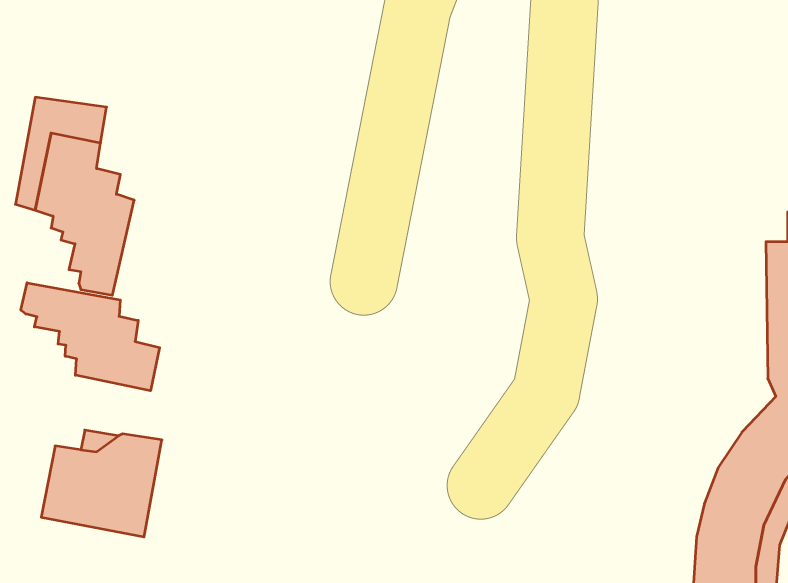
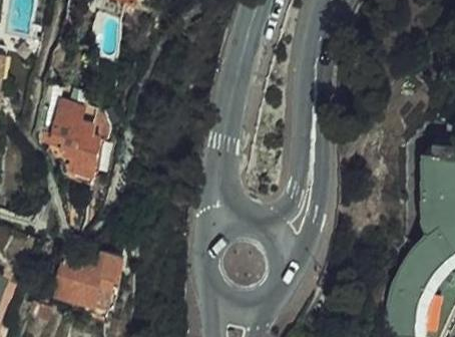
building: [21,283,160,391] -> none

